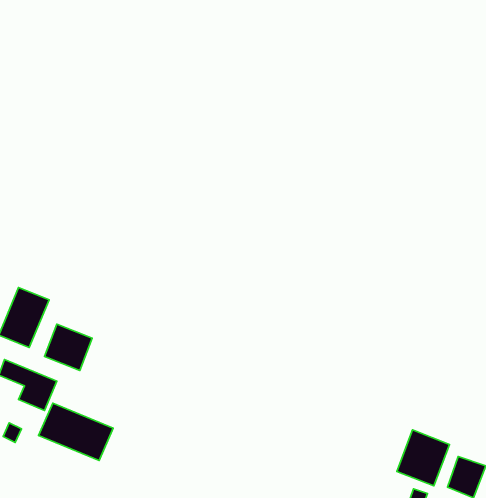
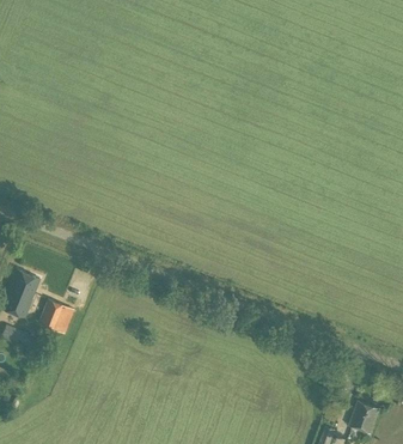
building: [39,403,113,461] -> none
building: [397,430,450,486] -> none

